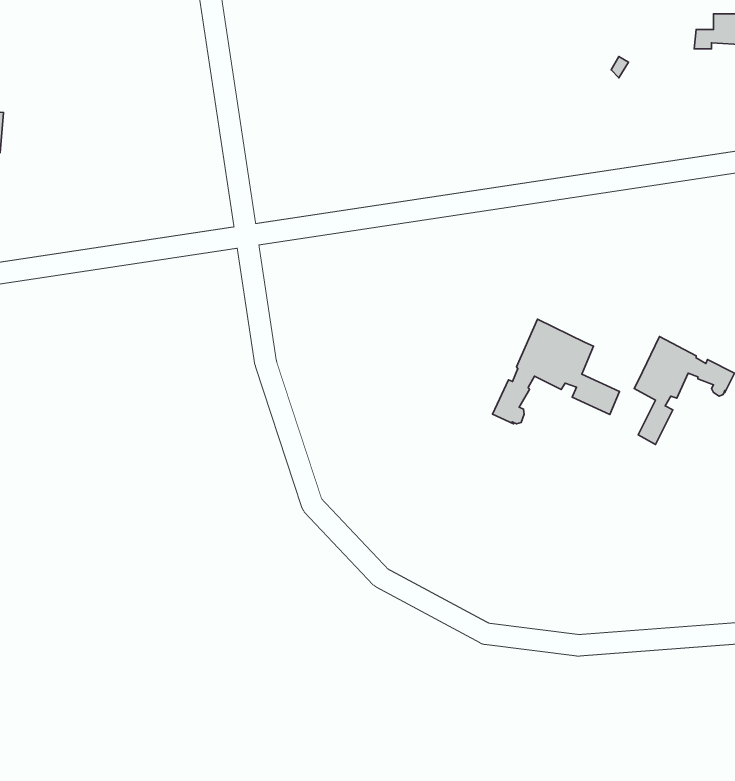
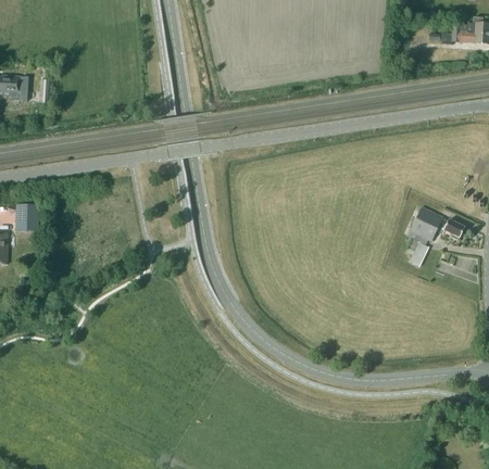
building: [492,319,620,424] -> none

